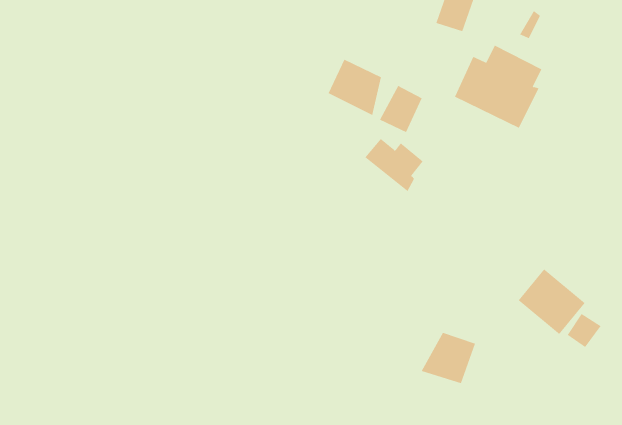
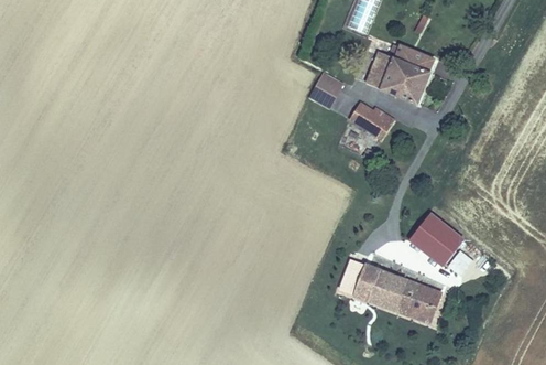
building: [328,59,382,116] -> none
building: [364,138,424,192] -> [348,101,393,142]
building: none -> [370,270,443,324]

